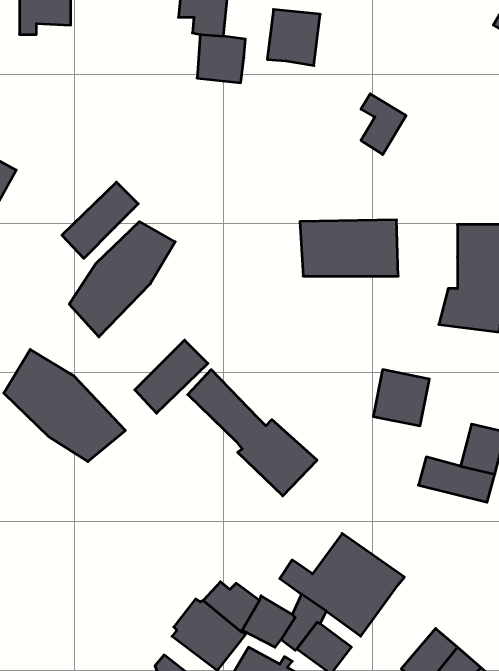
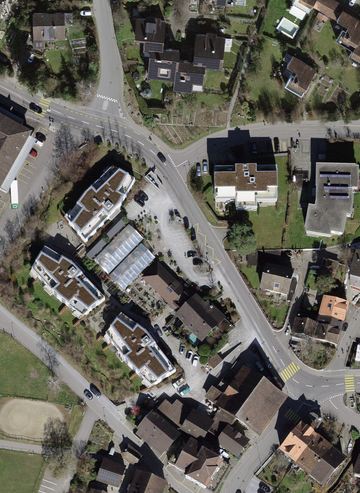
building: none -> [176,59,206,90]
building: [361,94,406,155] -> [289,52,318,91]
building: [62,182,138,258] -> [95,223,144,272]
building: none -> [102,313,175,390]

